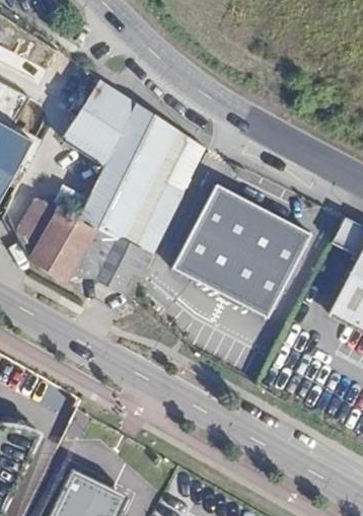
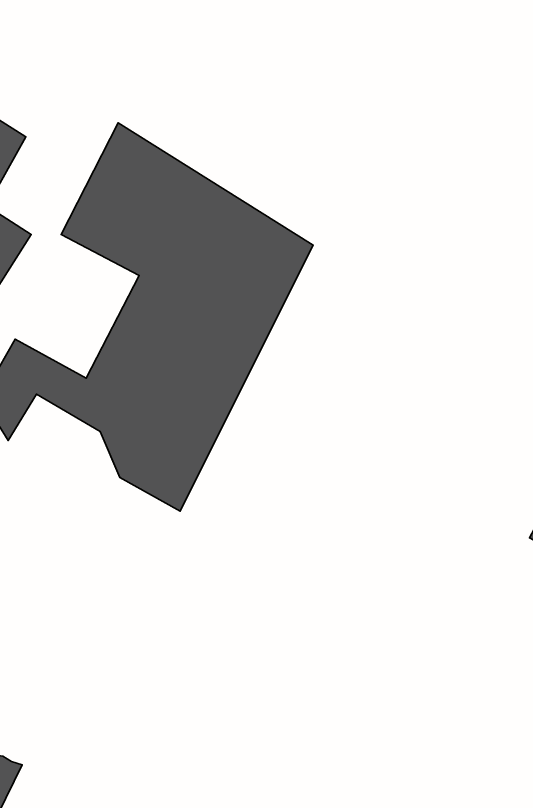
building: [177,188,315,317] -> none
building: [27,228,91,277] -> none

